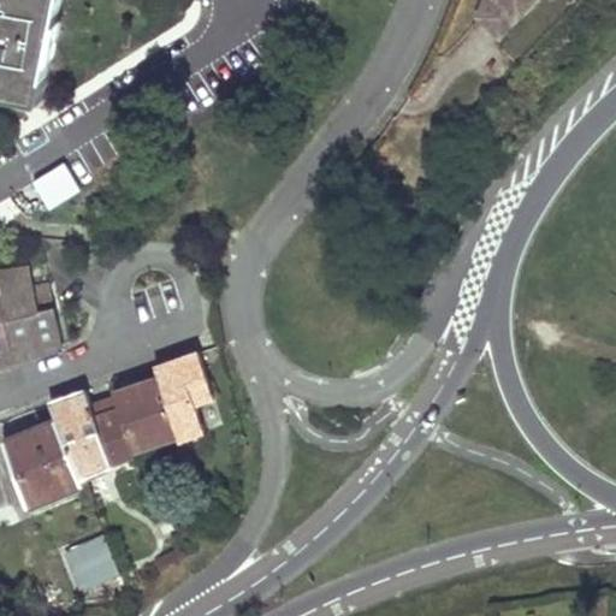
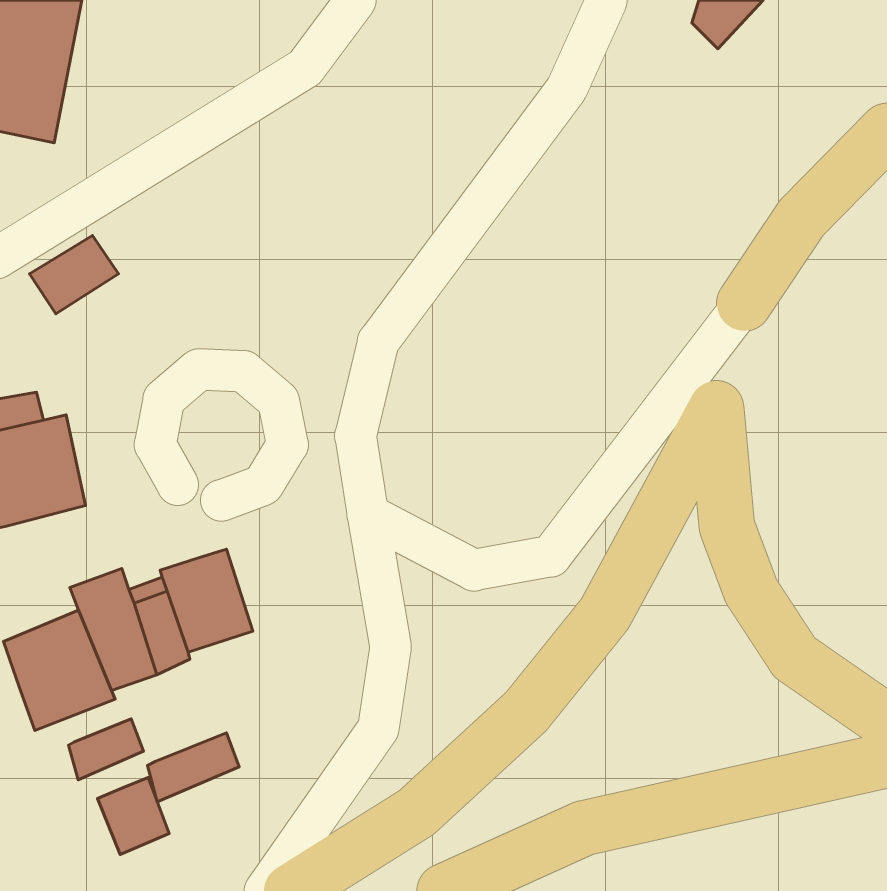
building: [153,353,211,440] -> none
building: none -> [68,719,144,780]
building: none -> [148,733,239,802]

